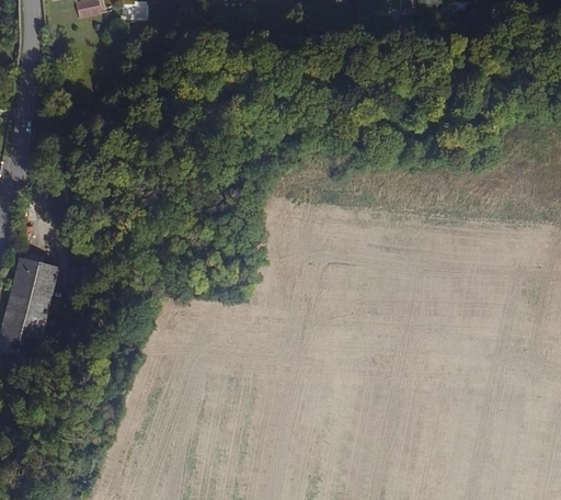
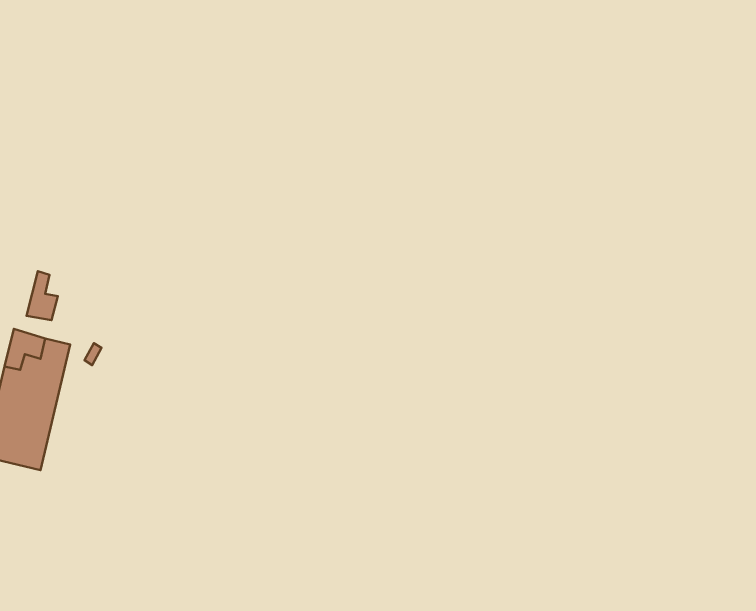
building: none -> [27,271,58,320]

